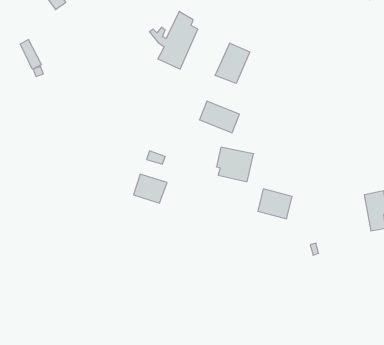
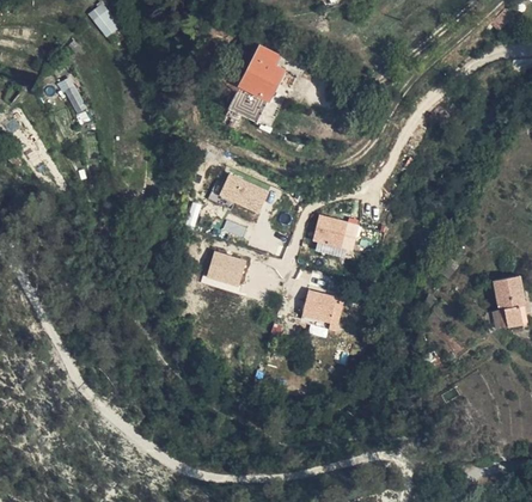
building: [215,43,250,83] -> none
building: [199,101,239,133] -> [215,173,267,214]
building: [258,189,292,219] -> [298,289,342,327]

